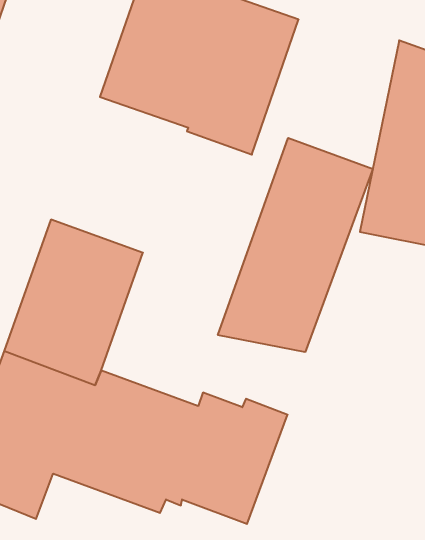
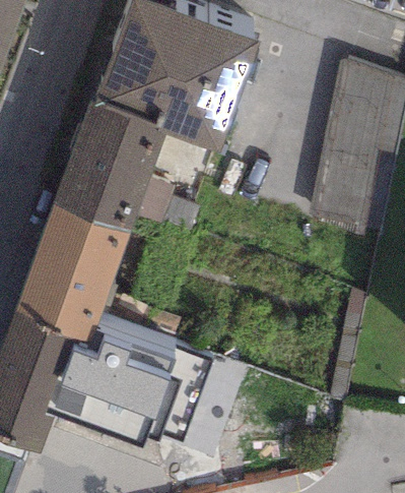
building: none -> [53,100,166,230]
building: [218,138,373,352] -> none

